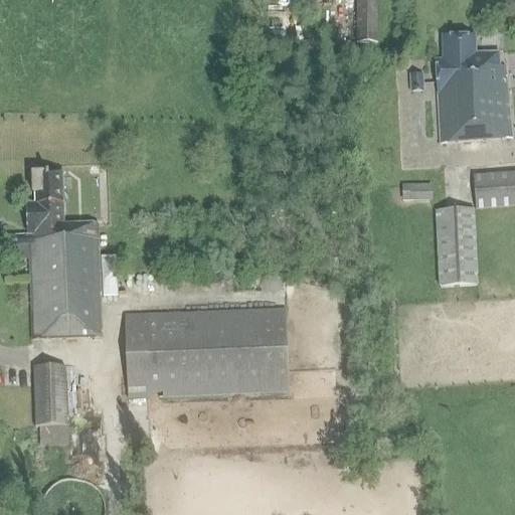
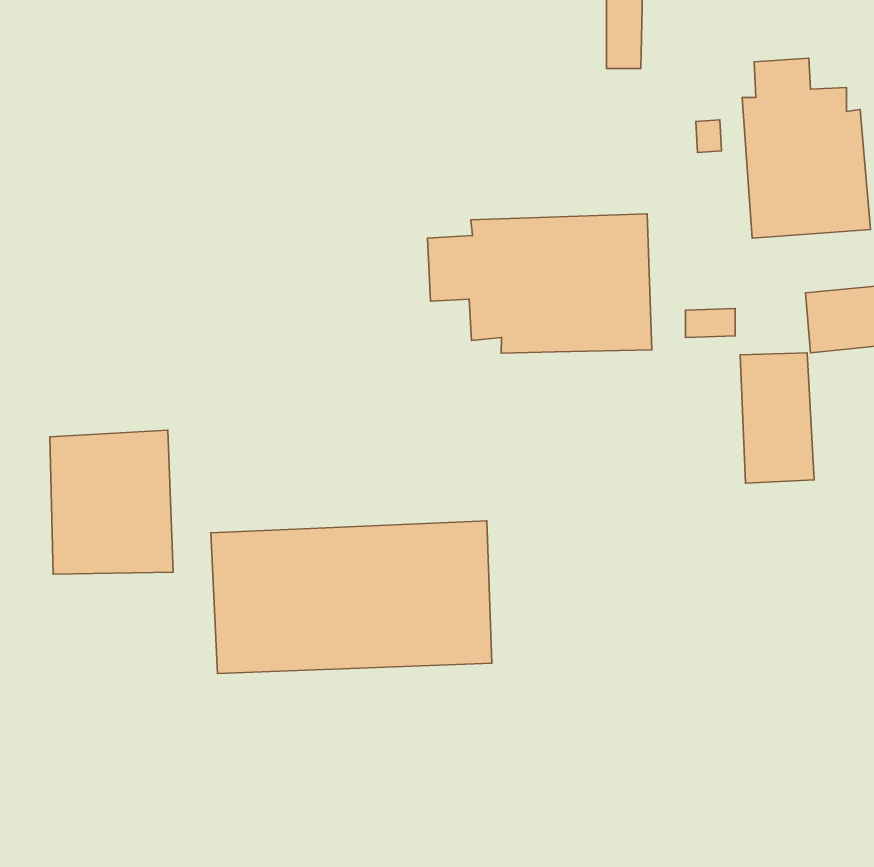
building: none -> [427,214,652,353]
building: [8,170,100,256] -> none
building: [34,363,69,444] -> none

